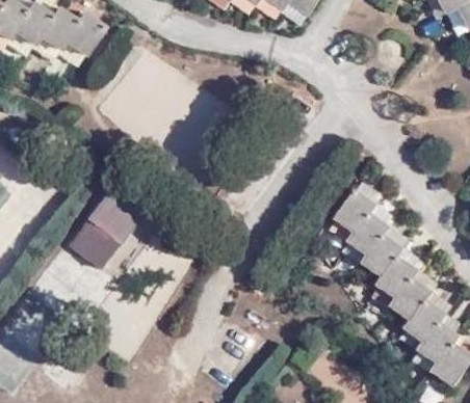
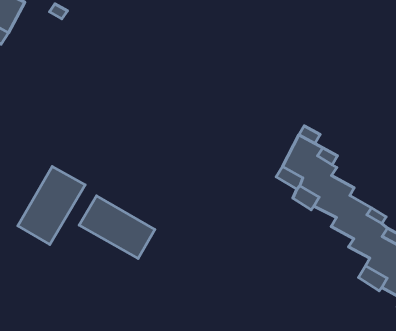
building: none -> [79,196,155,258]

